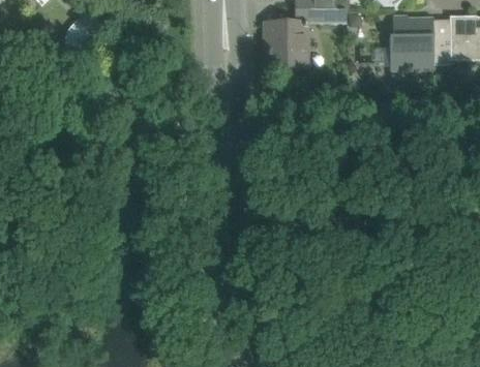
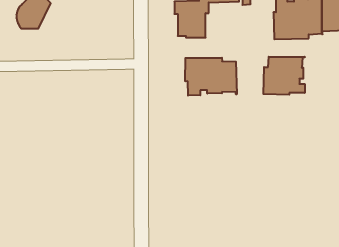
building: none -> [263,57,305,95]
building: none -> [185,58,237,96]

